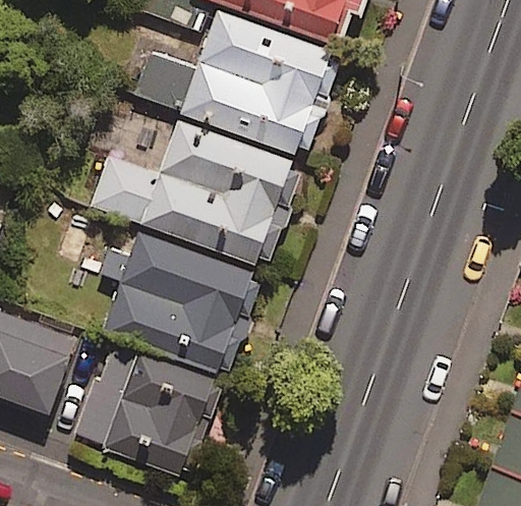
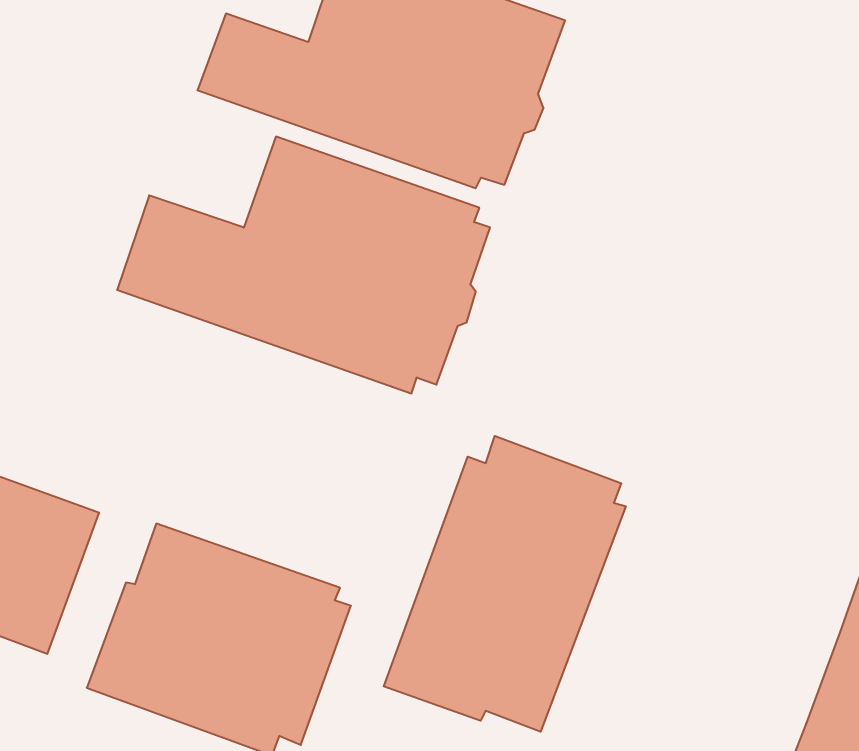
building: [97,229,262,373] -> none
building: none -> [384,436,626,732]

